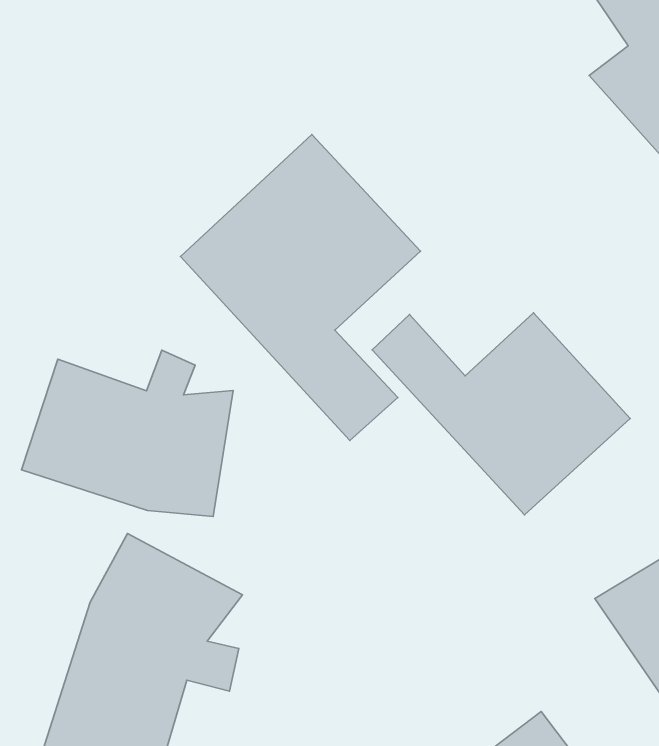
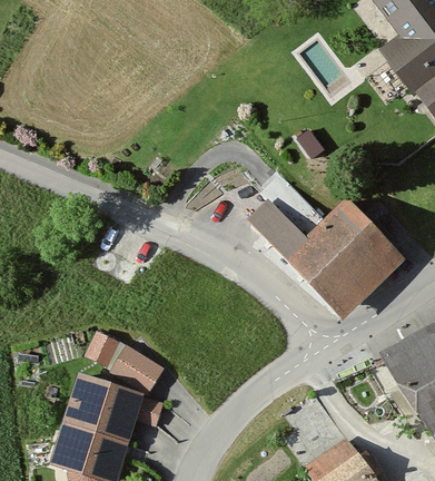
building: [181,134,421,440] -> none
building: [22,350,233,517] -> none

